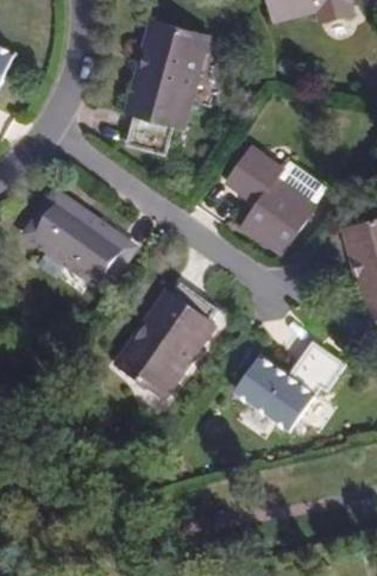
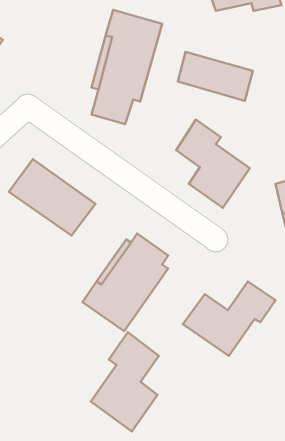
building: none -> [178,52,253,101]
building: none -> [91,332,159,432]

